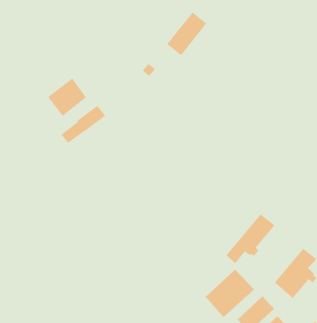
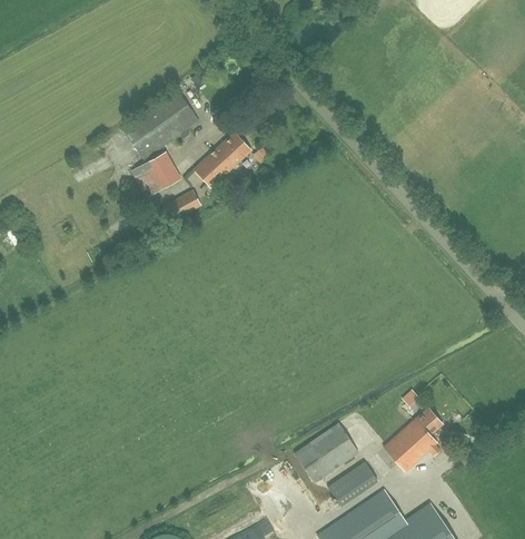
building: [166,12,207,56] -> [195,133,250,187]
building: none -> [121,90,198,159]
building: [226,213,276,264] -> none

